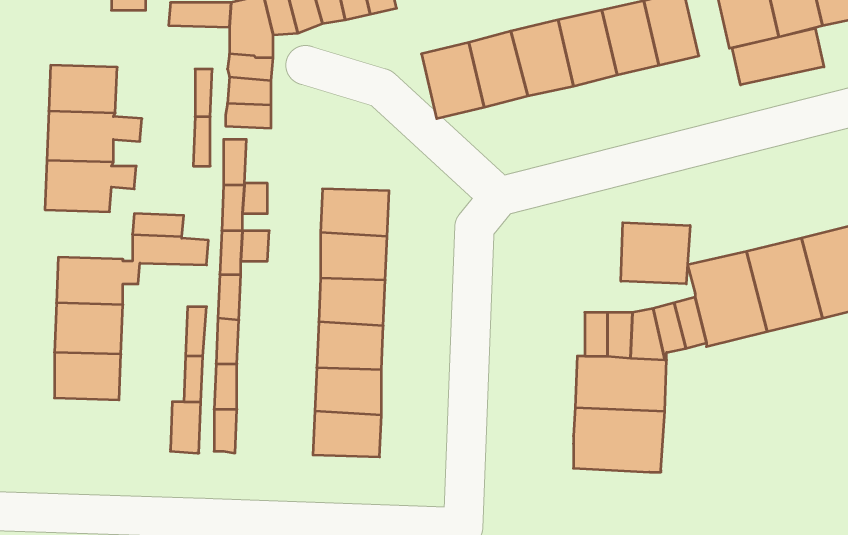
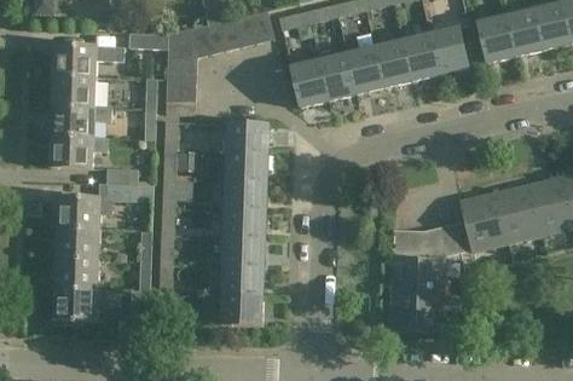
building: none -> [53,44,123,75]
building: [732,28,824,85] -> none
building: none -> [226,123,268,154]
building: [621,223,690,284] -> none
building: none -> [54,285,110,319]

